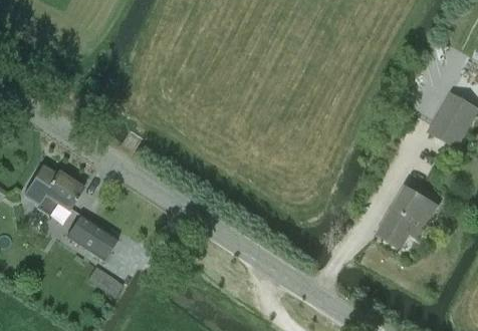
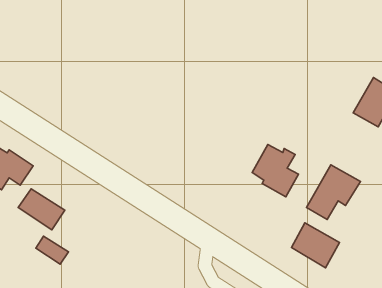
building: none -> [252,145,298,197]
building: none -> [292,223,340,268]

